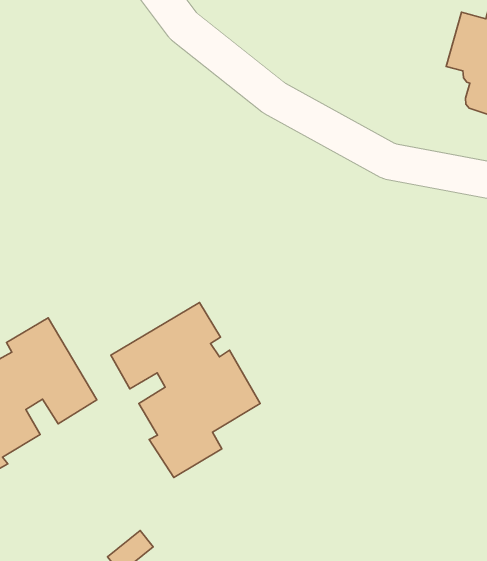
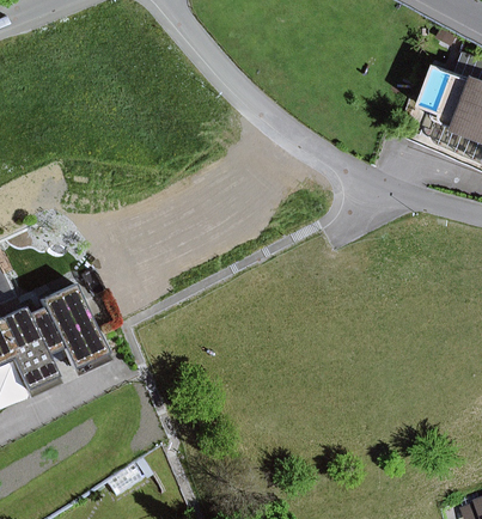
building: [111,302,260,478] -> none

